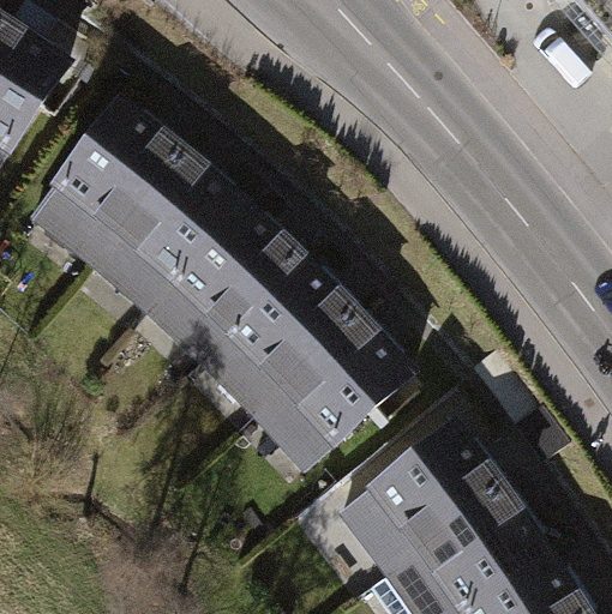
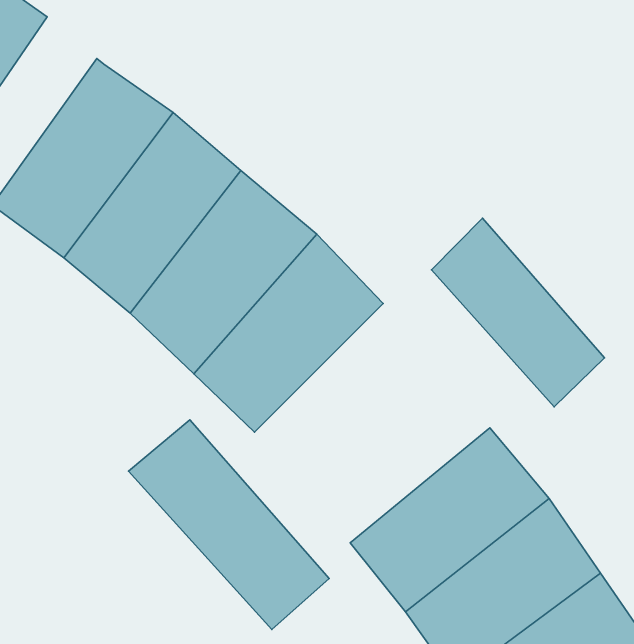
building: none -> [431,218,604,407]
building: [251,305,418,472] -> none
building: none -> [129,420,329,630]

